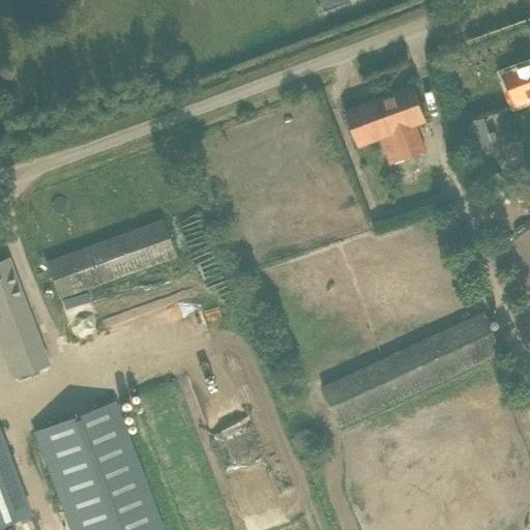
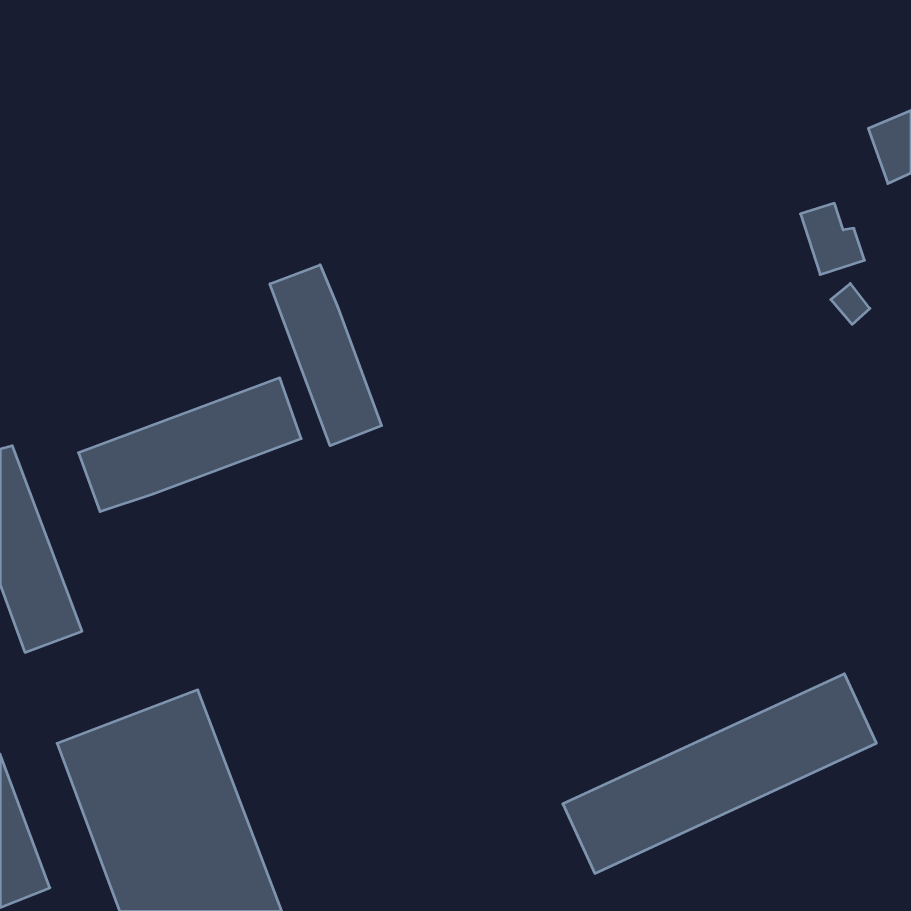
building: [346,86,426,165] -> none
building: none -> [270,265,382,446]
building: [321,312,503,428] -> [563,674,876,873]

